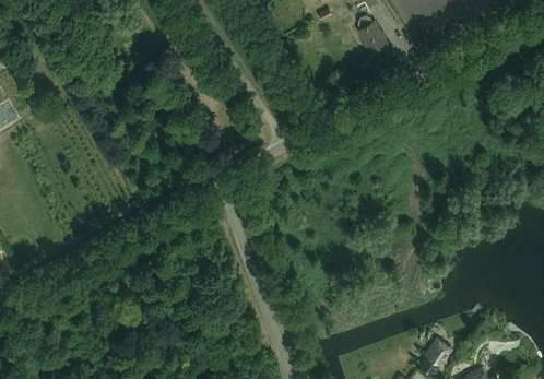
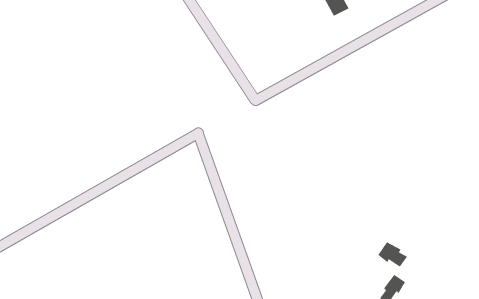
building: none -> [377,241,408,267]

